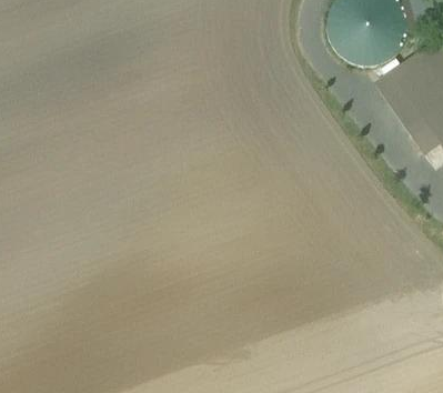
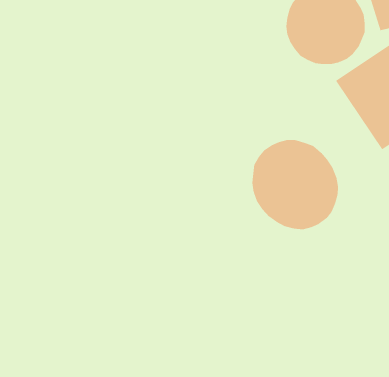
building: none -> [252,139,339,230]

